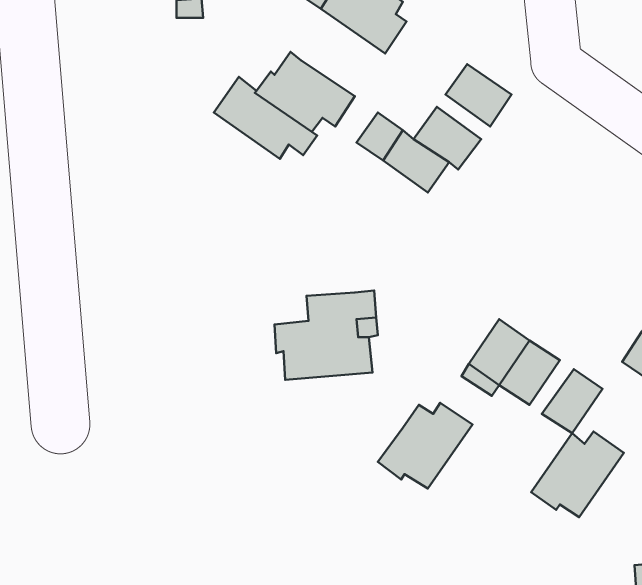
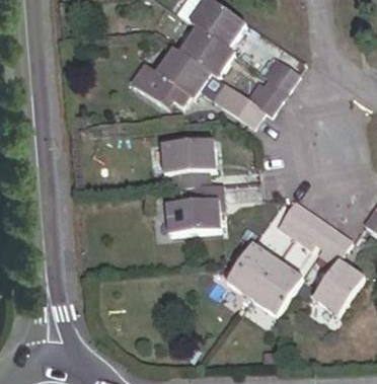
building: none -> [181,26,230,78]
building: none -> [162,139,215,188]
building: none -> [253,260,298,317]

